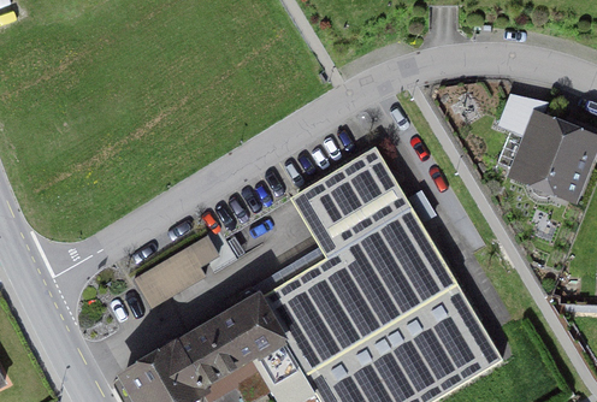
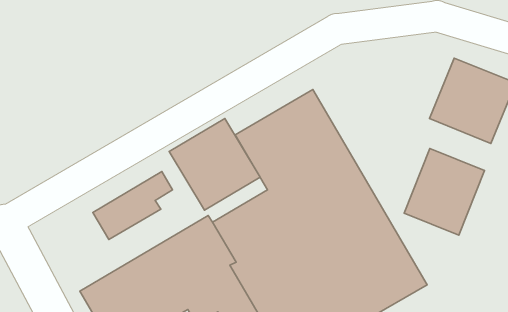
building: none -> [169,118,260,210]
building: none -> [404,149,485,235]

